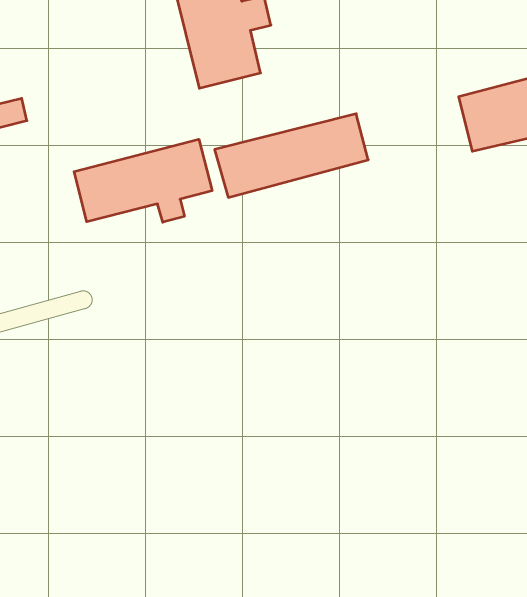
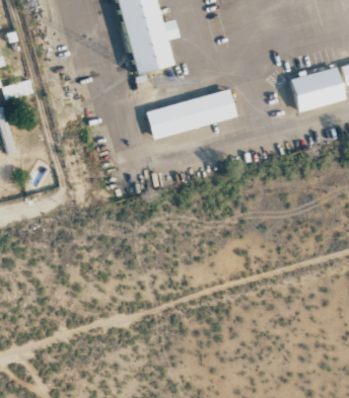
building: [74,139,212,222] -> none

